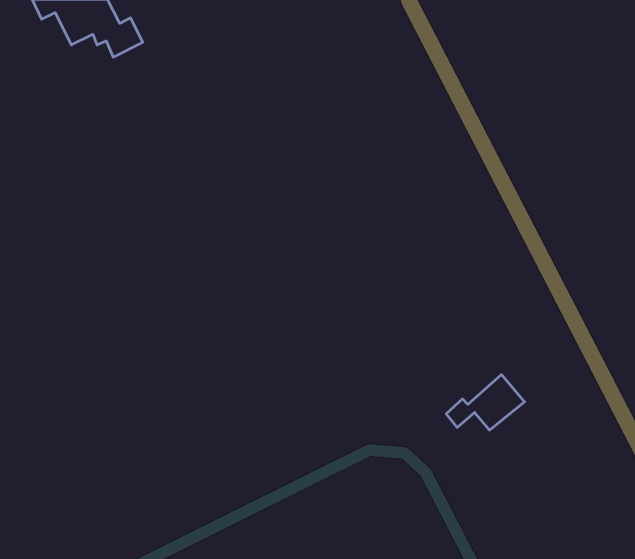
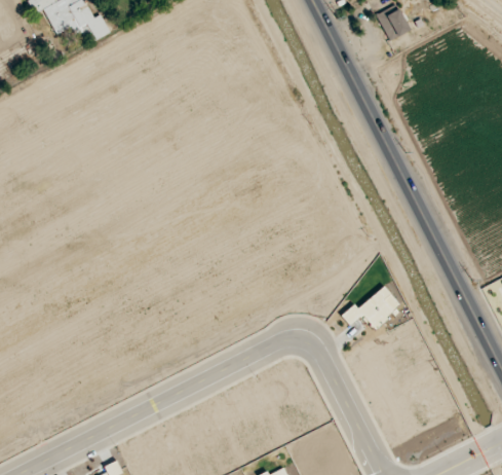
building: none -> [378,6,411,41]

